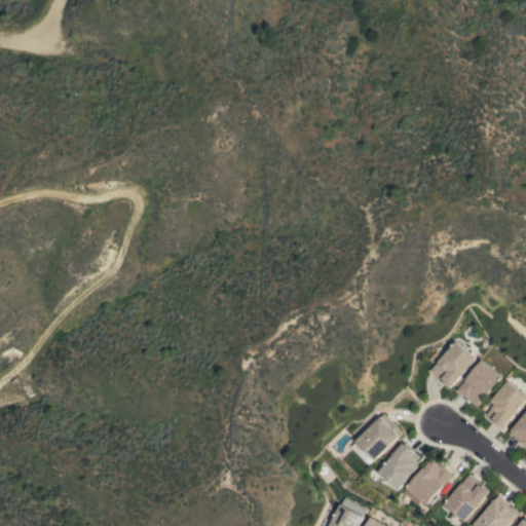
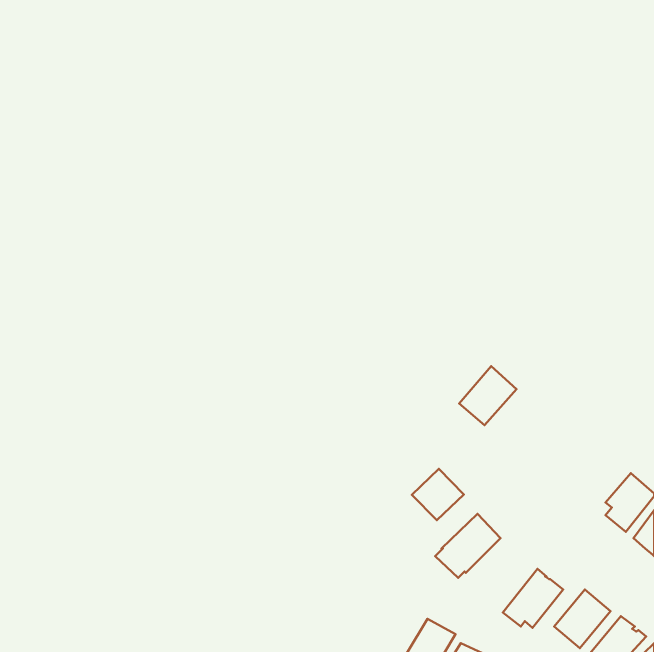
building: [427,341,474,388] -> [459,366,517,425]
building: [455,361,501,408] -> none
building: none -> [412,469,464,520]
building: [378,443,420,490] -> none

